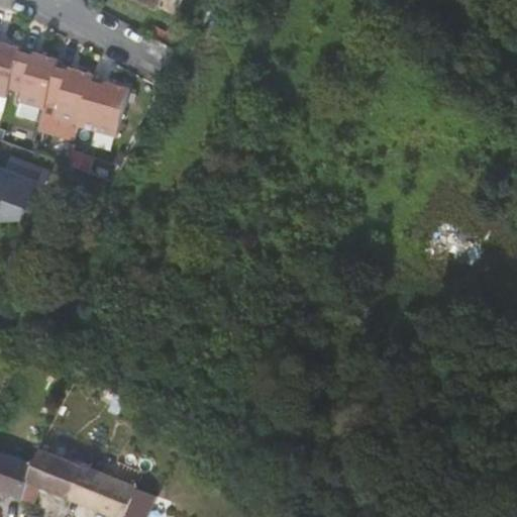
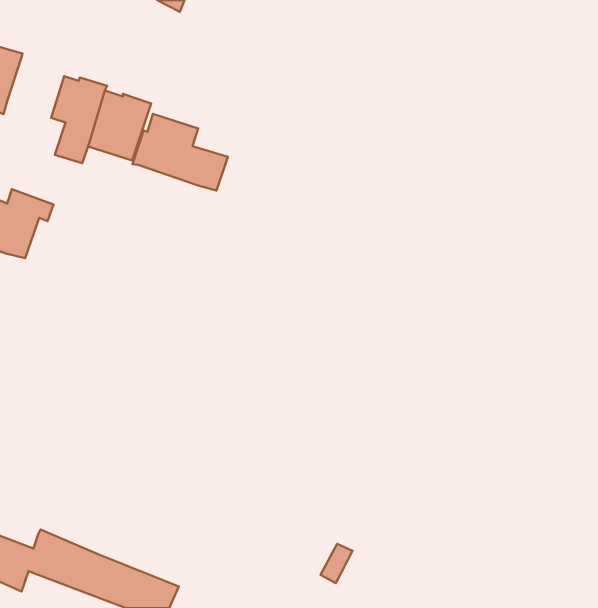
building: [6,48,57,109] -> none
building: none -> [132,114,228,190]

